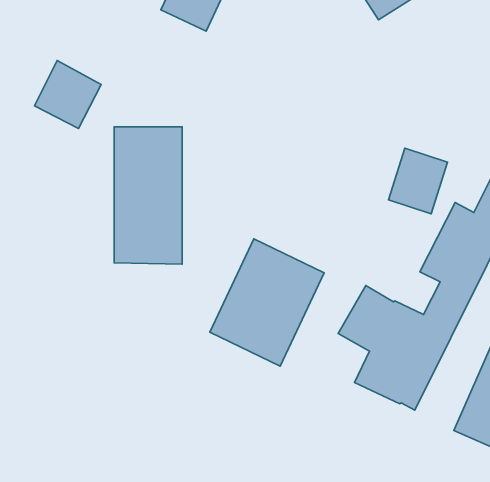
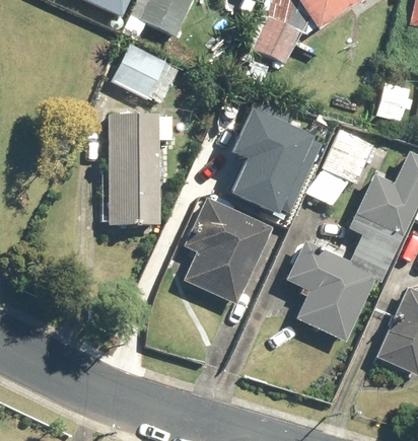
building: none -> [250,15,301,64]
building: [34,60,101,128] -> [113,42,166,96]
building: none -> [219,112,312,213]

